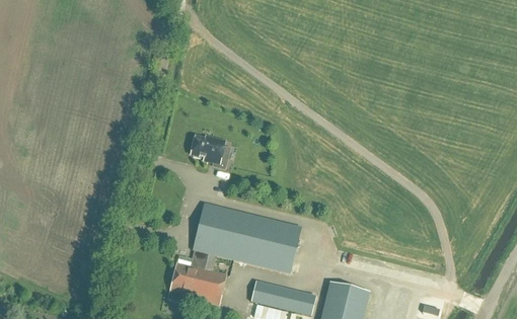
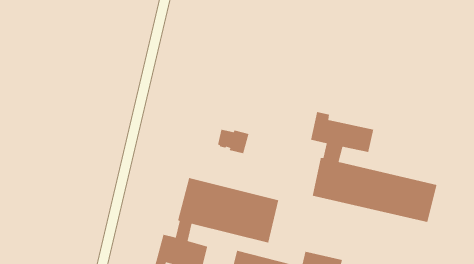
building: none -> [310,111,437,223]
building: [192,136,226,163] -> [217,129,249,154]

